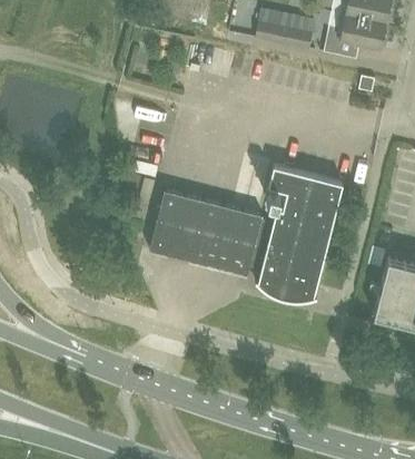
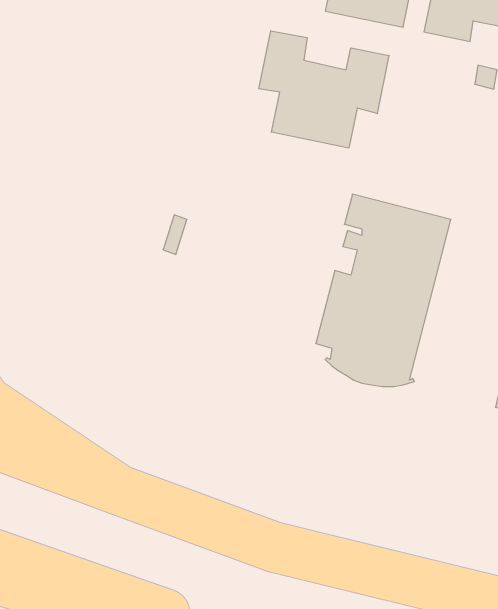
building: none -> [259,31,389,148]
building: [149,192,263,276] -> none

